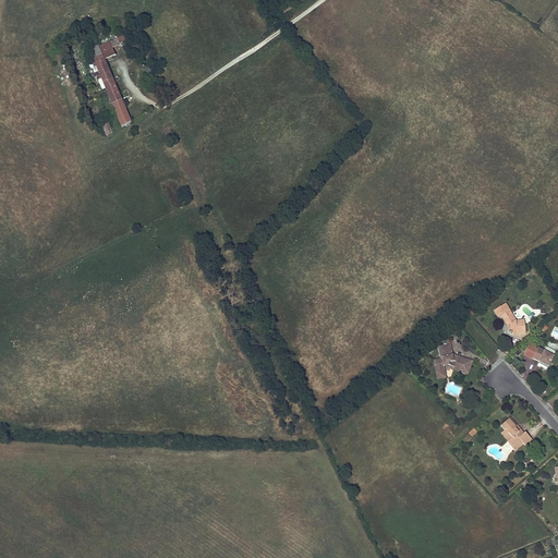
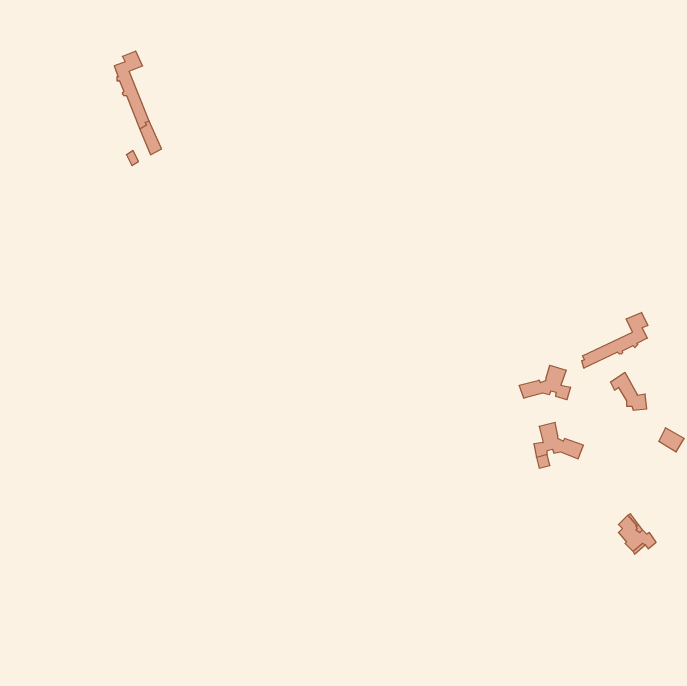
building: none -> [582,312,648,368]
building: none -> [519,365,570,400]

